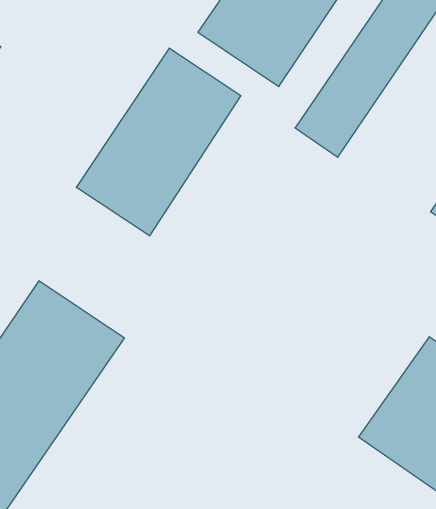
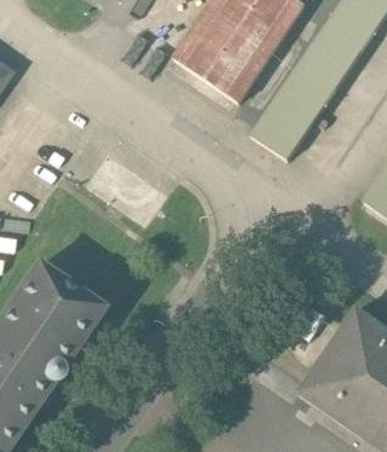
building: [76,48,241,236] -> none

